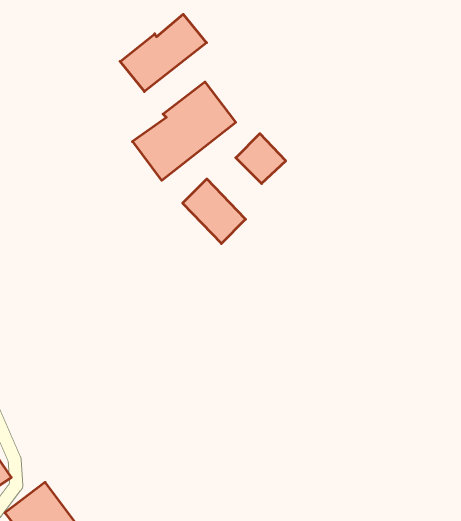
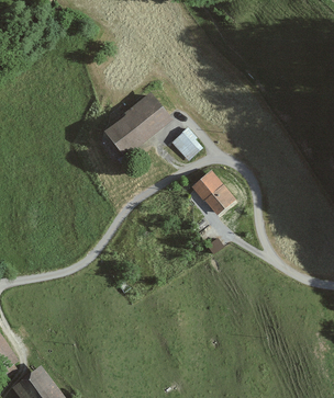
building: [120,14,207,92] -> none
building: [183,179,246,244] -> [193,171,236,215]

